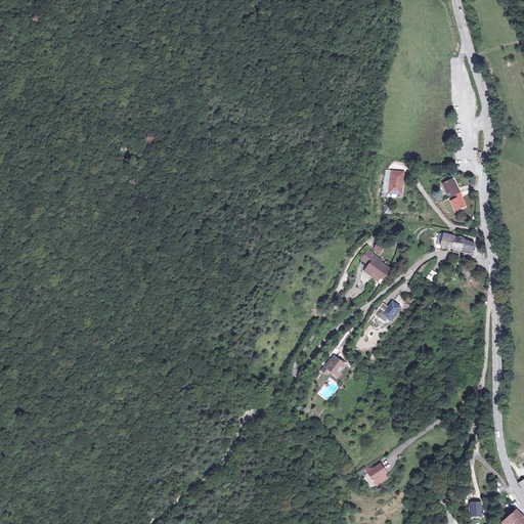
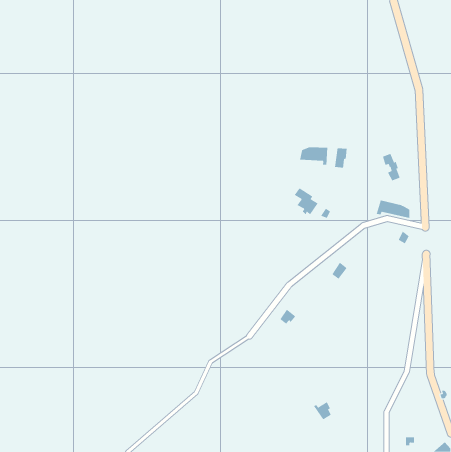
building: none -> [299,147,328,166]
building: [361,250,390,281] -> [294,188,319,215]

